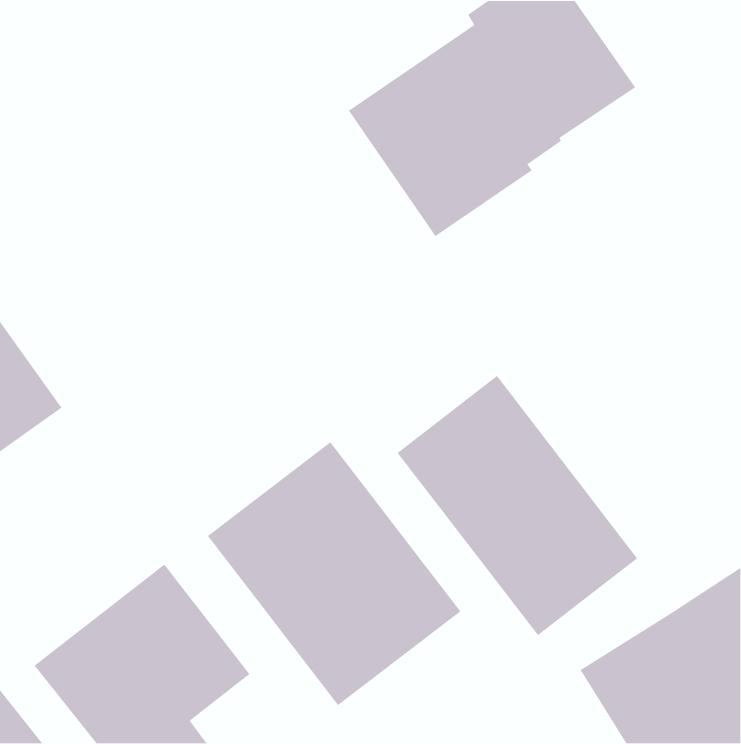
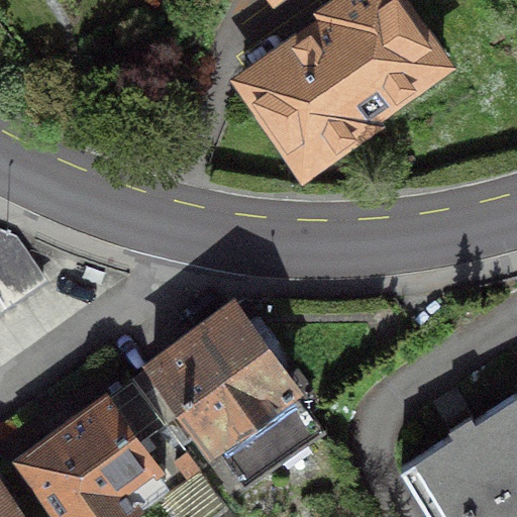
building: [397,375,638,636] -> none

